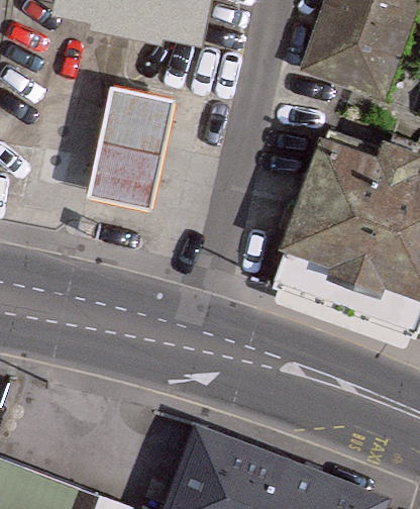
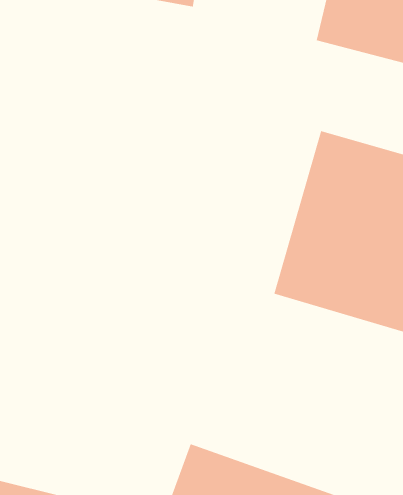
building: [74,73,171,200] -> none

